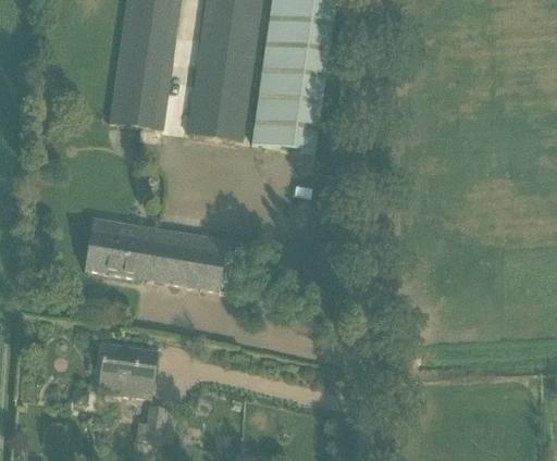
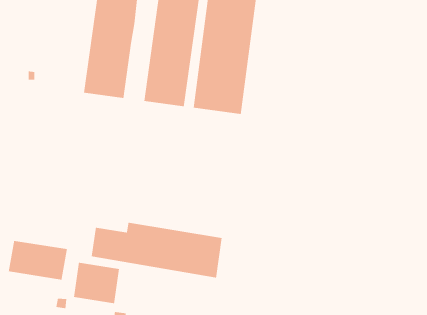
building: [86,224,257,297] -> [91,222,223,278]
building: none -> [8,240,68,280]

